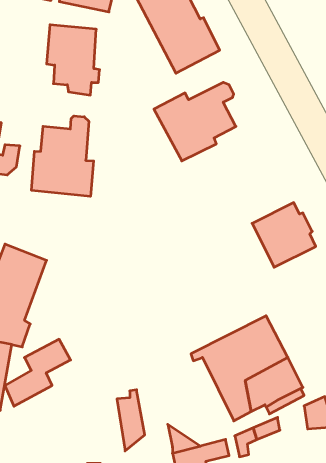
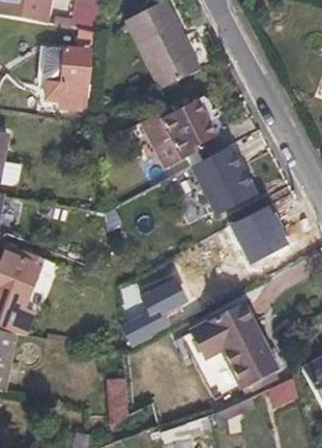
building: [32,116,94,196] -> none
building: none -> [195,146,253,210]
building: [5,339,71,406] -> [125,288,184,348]

